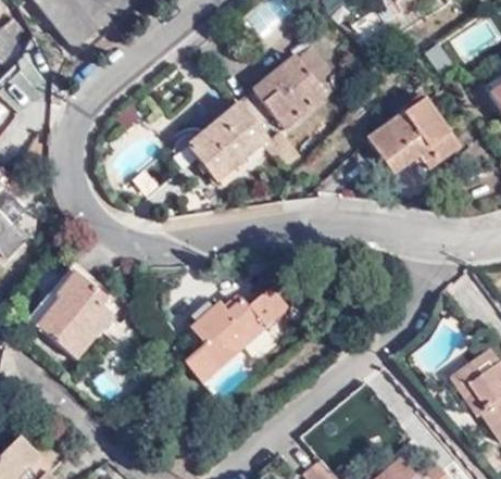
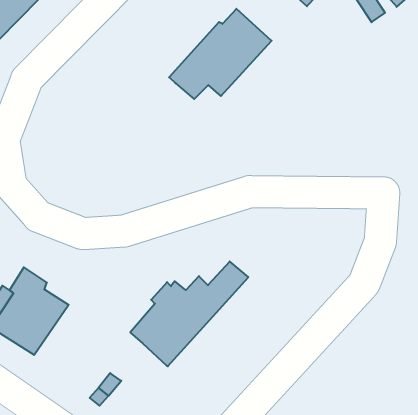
building: [370,101,461,171] -> none
building: [193,109,268,179] -> none

